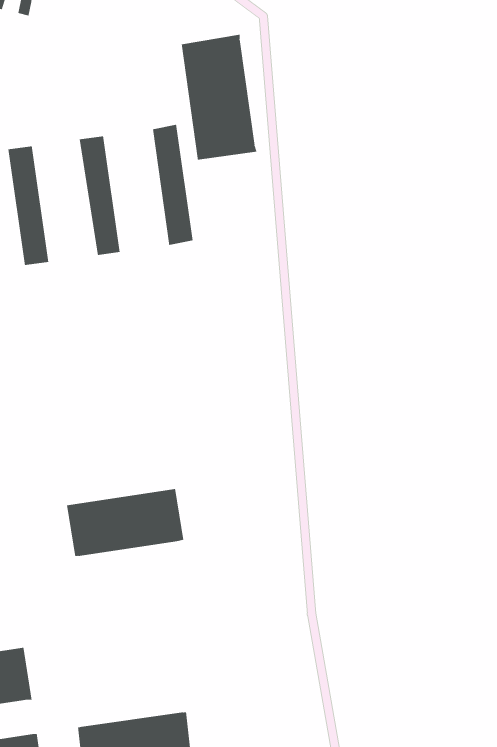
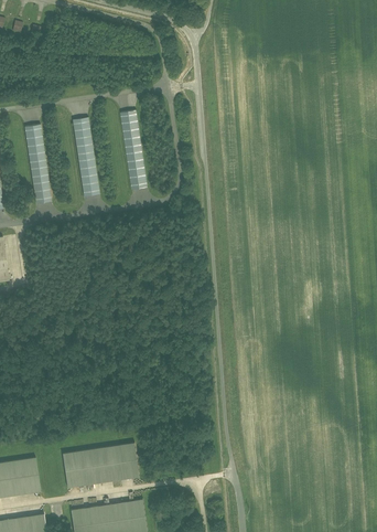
building: [181,34,257,160] -> none
building: [66,488,184,556] -> [62,443,140,488]

